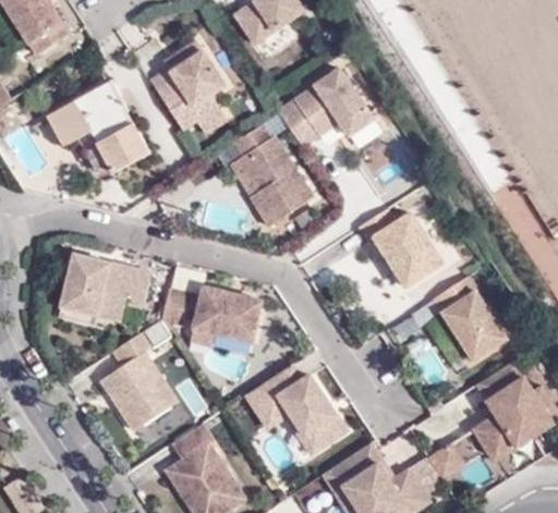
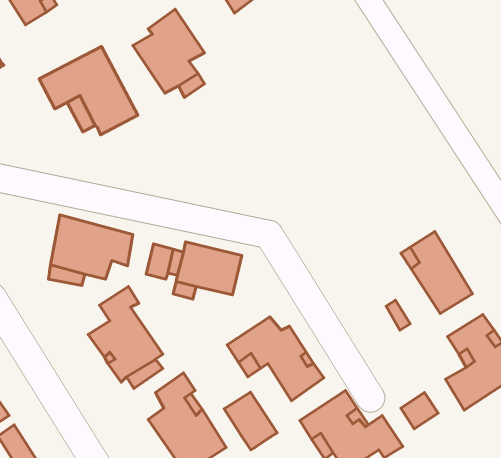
building: [275,69,371,148] -> none
building: [229,125,308,229] -> none
building: [357,208,442,288] -> none
building: none -> [224,392,277,450]

